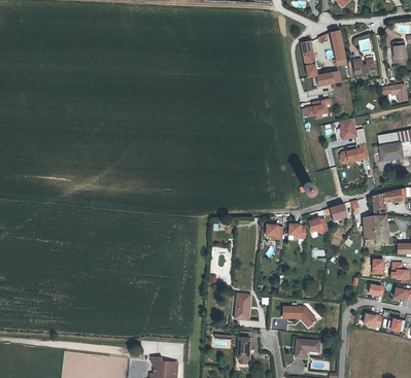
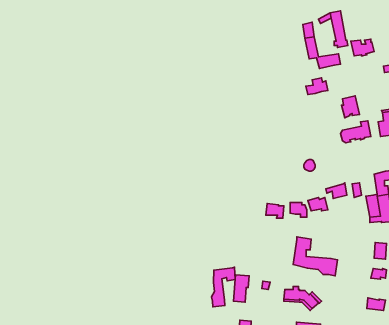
building: none -> [293,237,337,276]
building: none -> [212,267,235,307]

